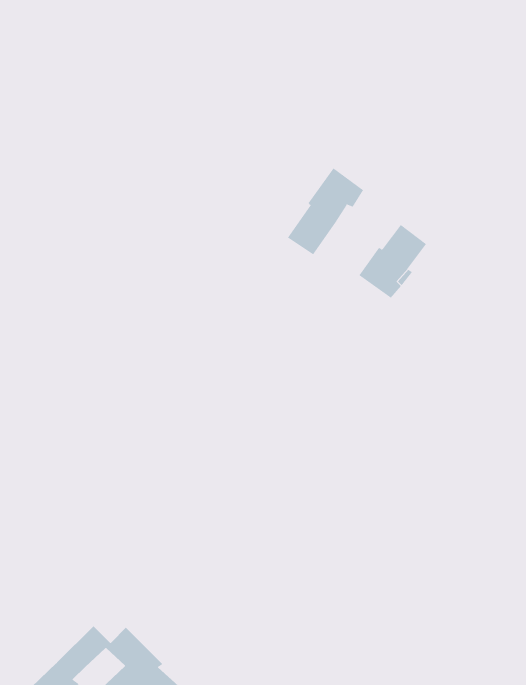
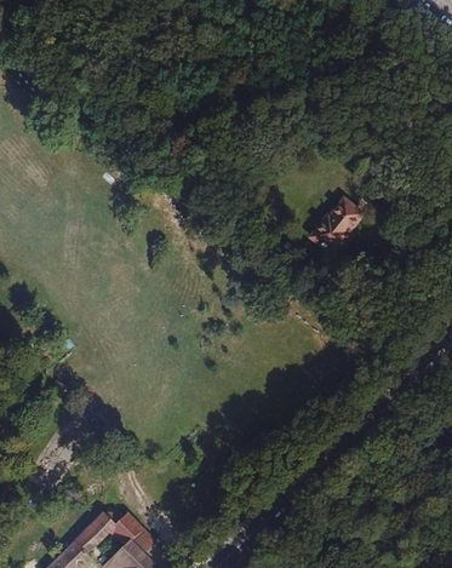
building: [287,167,364,255] -> none

